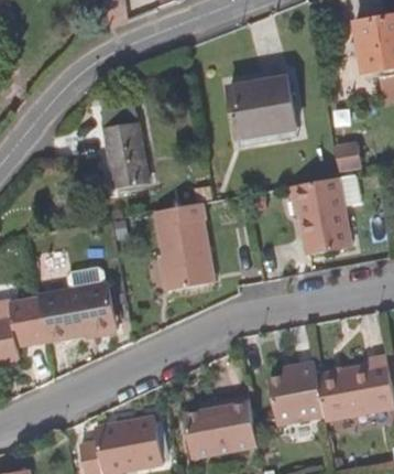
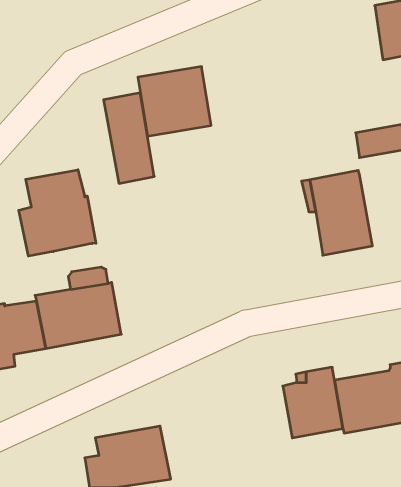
building: [228,75,296,140] -> [138,67,211,136]
building: none -> [19,170,96,256]
building: [155,218,215,290] -> none
building: [183,394,256,457] -> none

